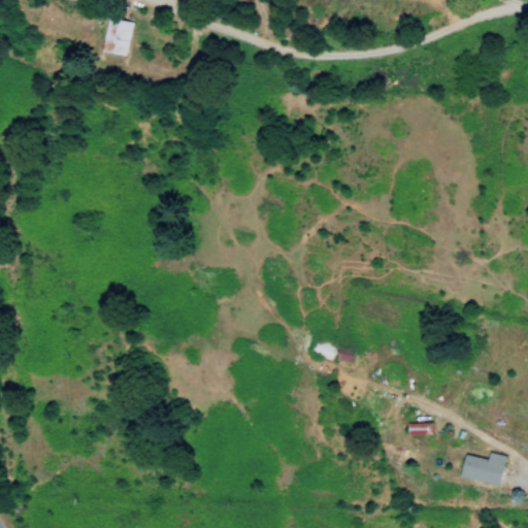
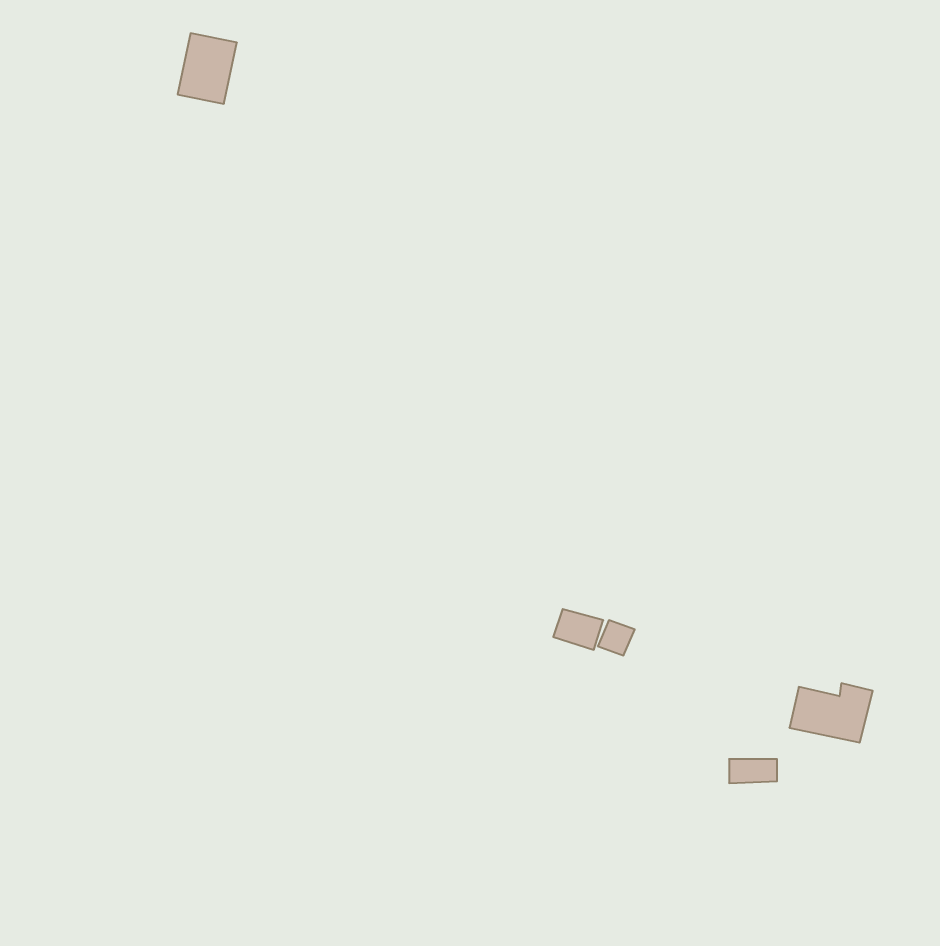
building: [461,453,507,486] -> [789,683,873,743]

